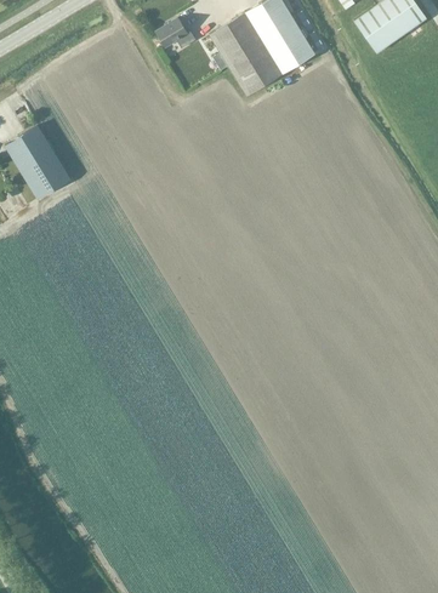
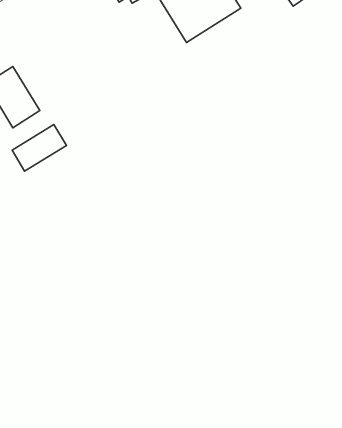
building: none -> [12,124,66,171]

